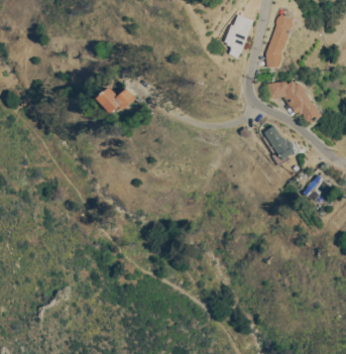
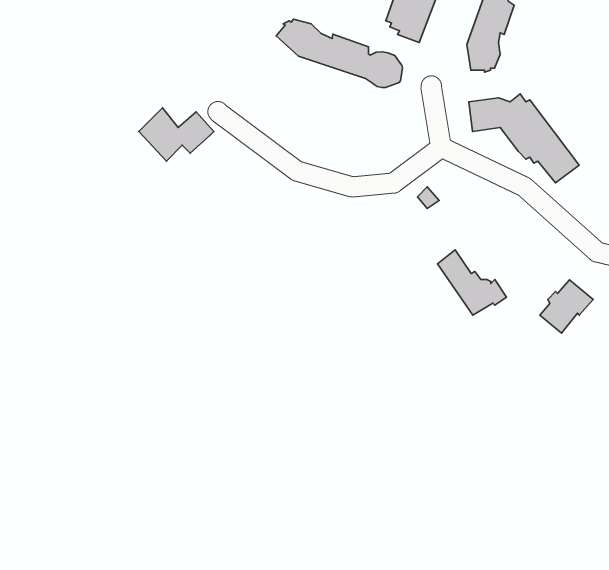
building: none -> [276,19,403,88]
building: [265,126,301,159] -> [437,250,507,315]

